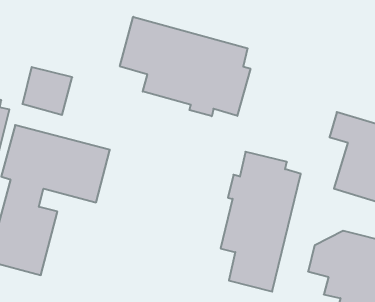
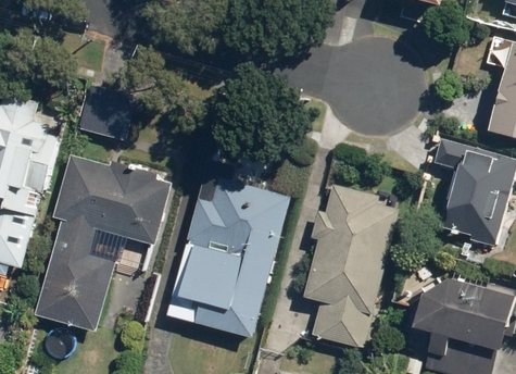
building: [120,17,250,116] -> none
building: none -> [187,161,291,338]

